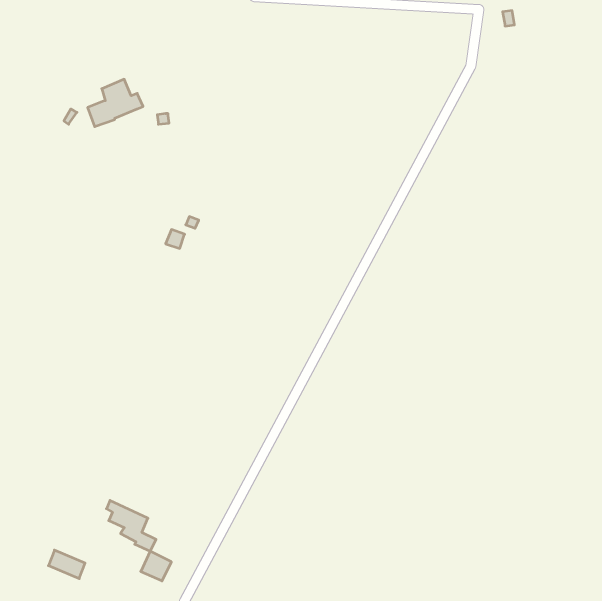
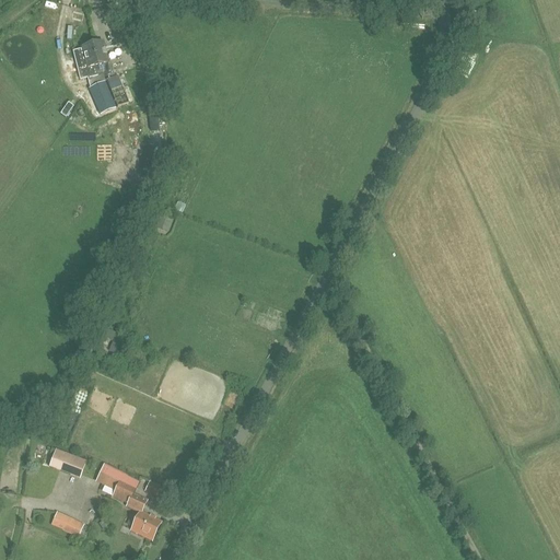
building: none -> [81,39,112,74]
building: none -> [48,448,84,476]

